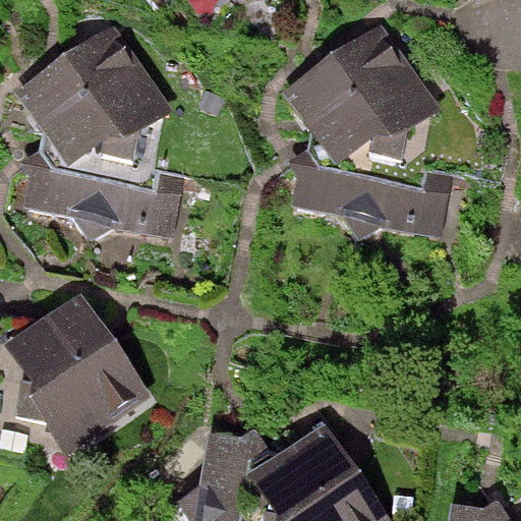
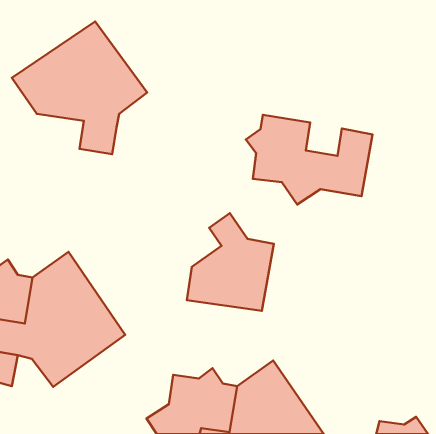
building: [282,26,443,185] -> none
building: [23,135,174,242] -> none
building: none -> [187,213,274,311]

